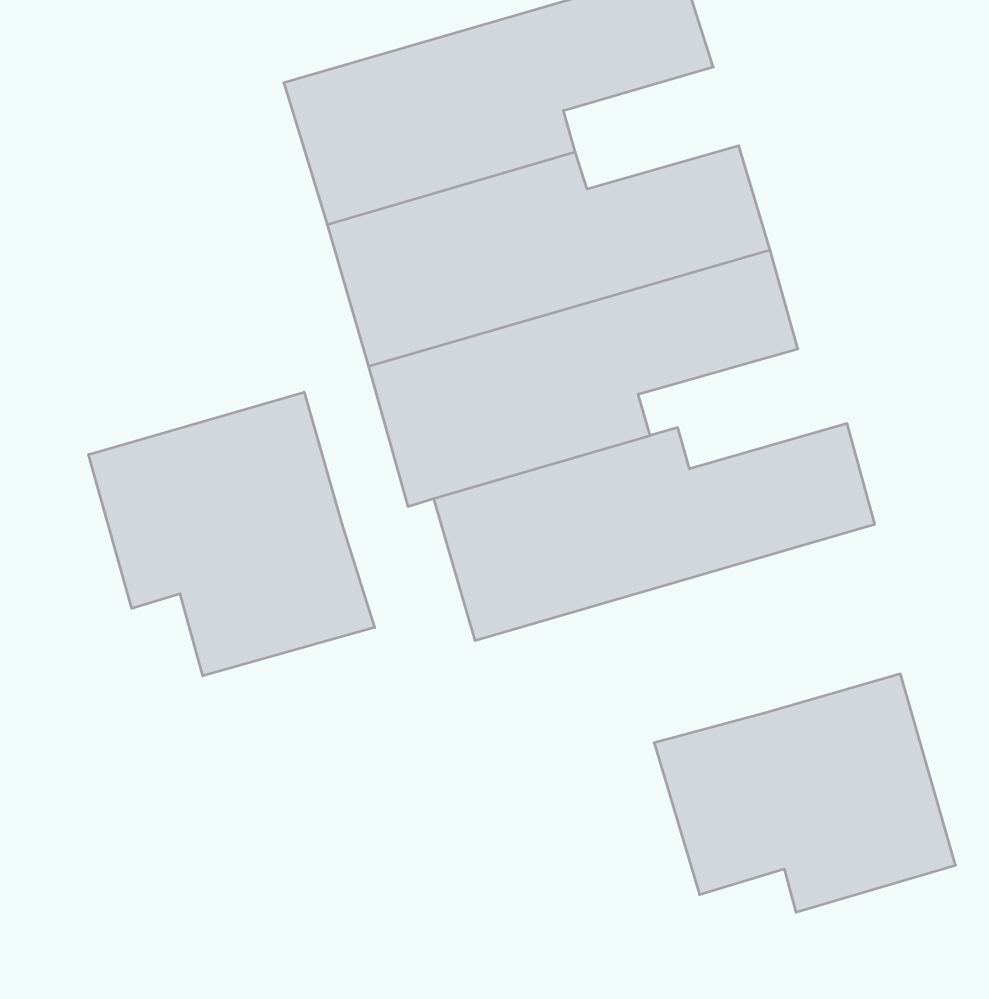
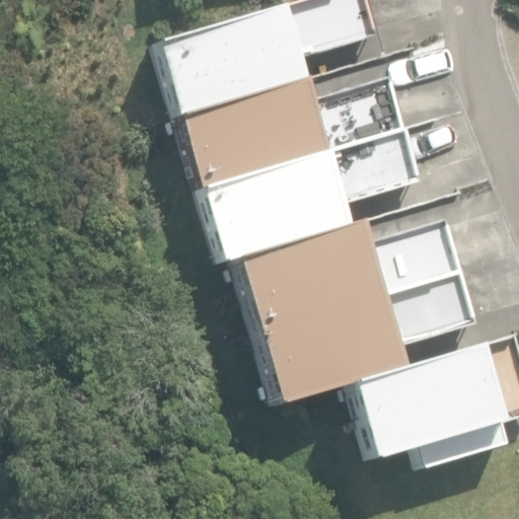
building: [89,392,375,676] -> none
building: none -> [253,270,475,403]

